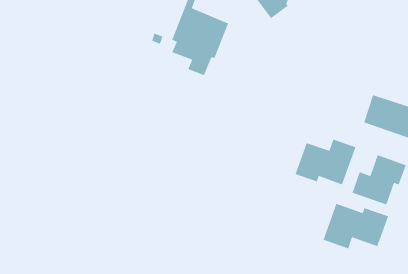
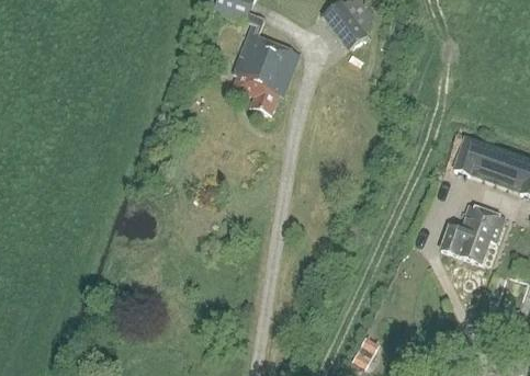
building: [295,138,356,186] -> none
building: [323,203,389,249] -> none

